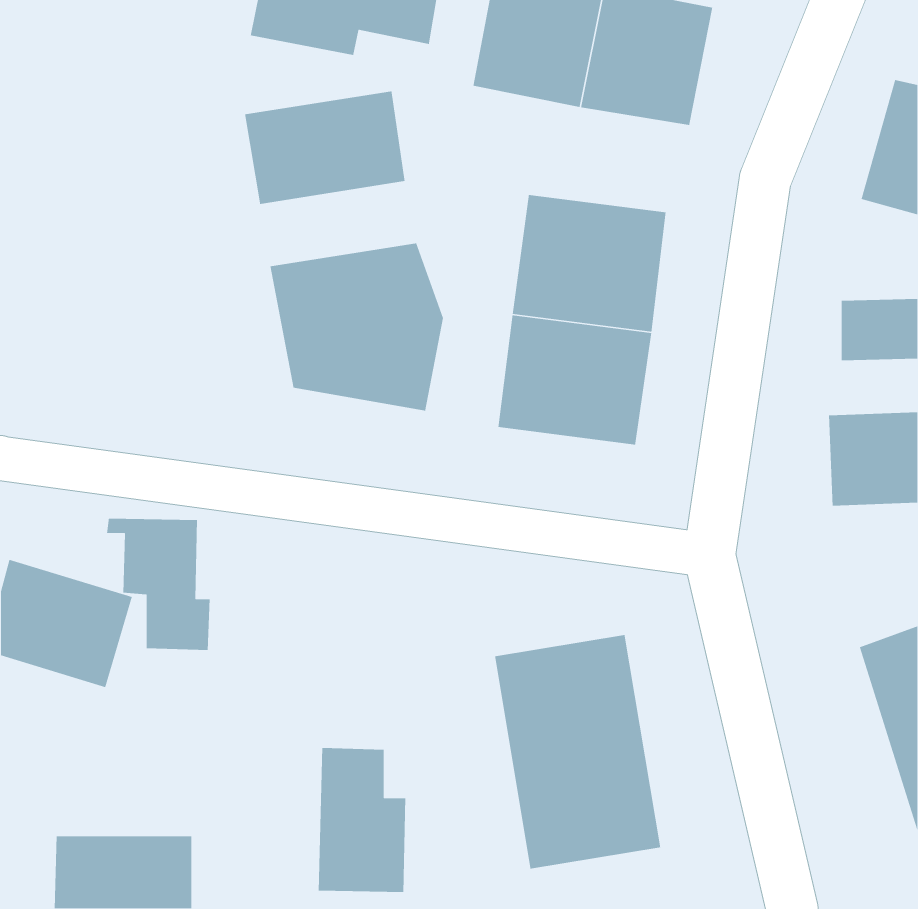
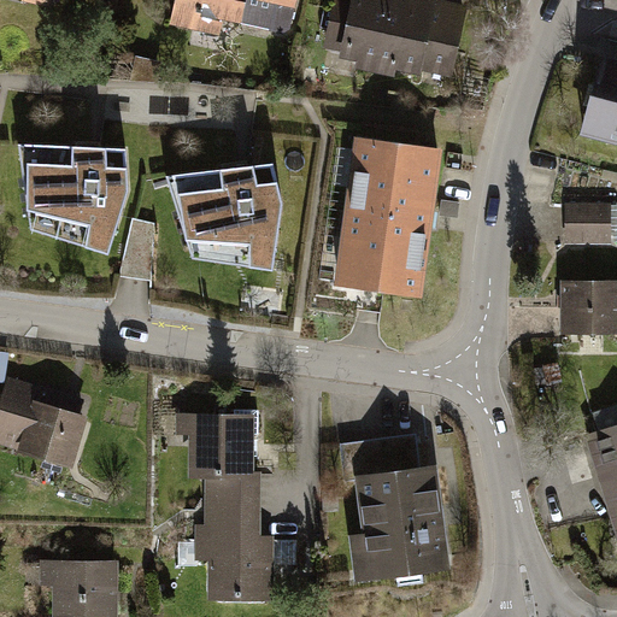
building: [244,90,405,205] -> none
building: none -> [25,145,141,264]
building: [106,518,210,651] -> [189,413,259,503]

